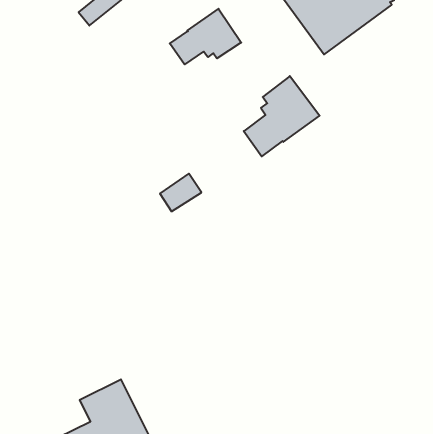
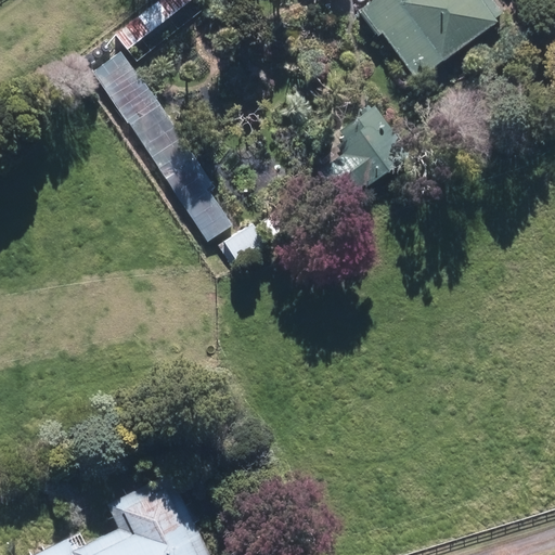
building: [170,9,241,64] -> none
building: none -> [93,51,233,241]

